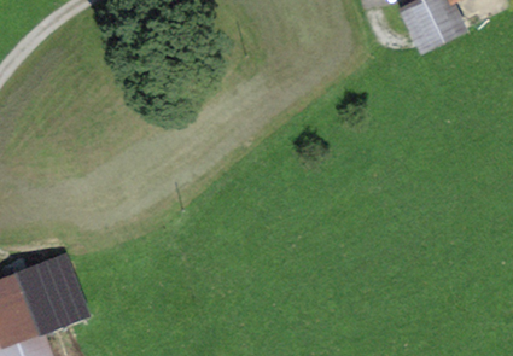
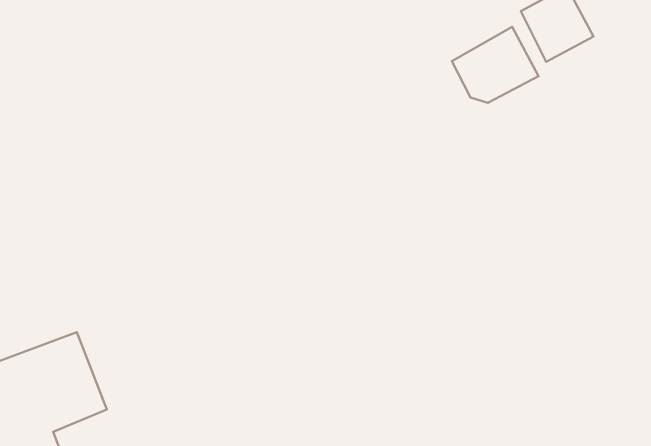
building: none -> [452,27,538,103]

